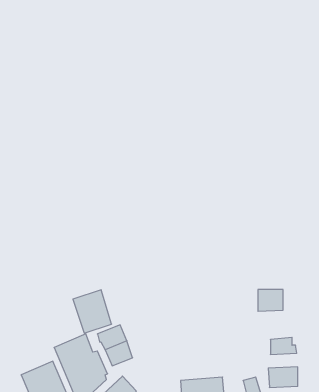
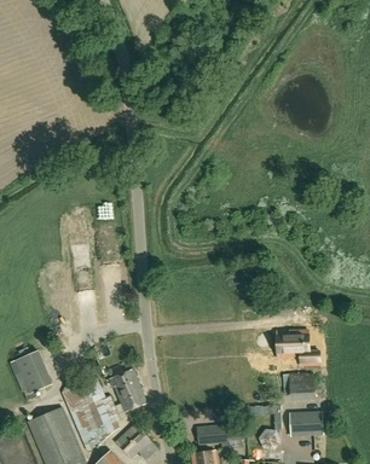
building: [73,290,112,333] -> [15,349,56,395]

